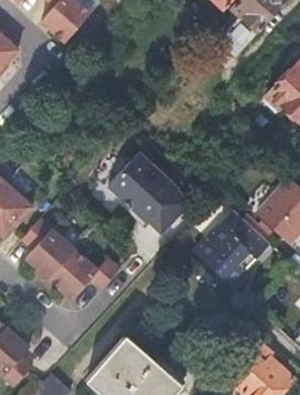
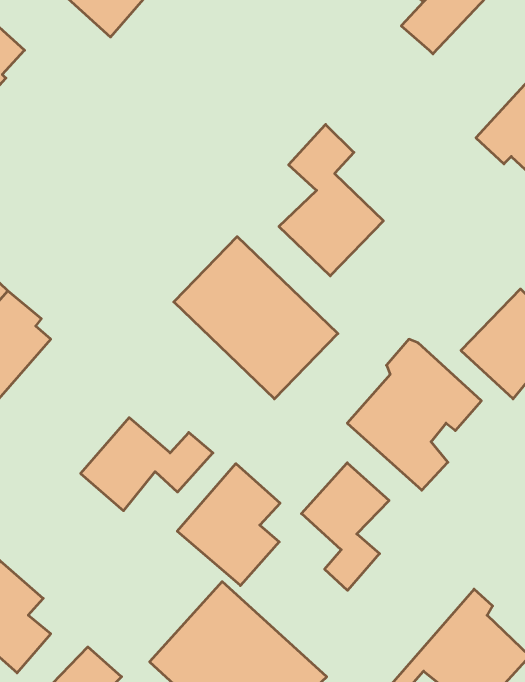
building: none -> [279,124,383,276]
building: [23,218,76,280] -> none
building: none -> [301,463,389,590]
building: none -> [177,464,280,586]

